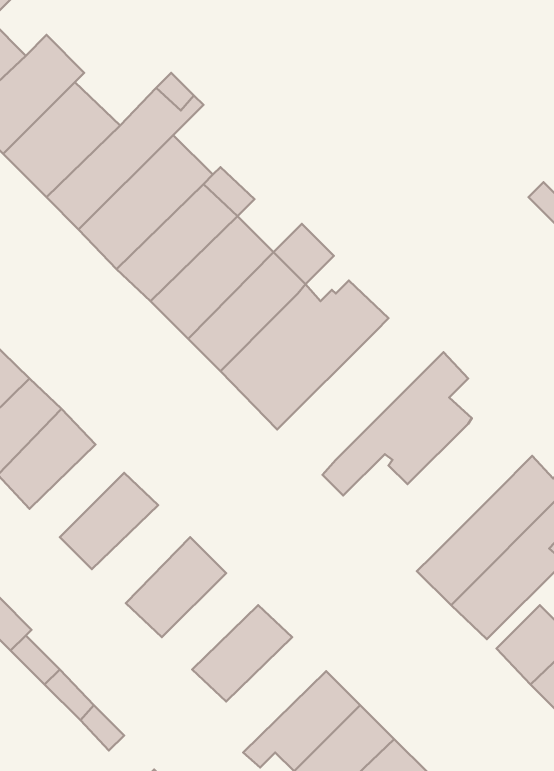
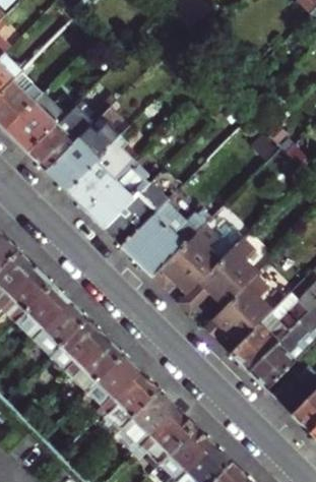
building: none -> [151,227,241,296]
building: none -> [201,277,269,348]
building: none -> [18,288,69,338]
building: none -> [52,320,105,373]
building: none -> [89,357,141,409]
building: none -> [124,391,178,454]

